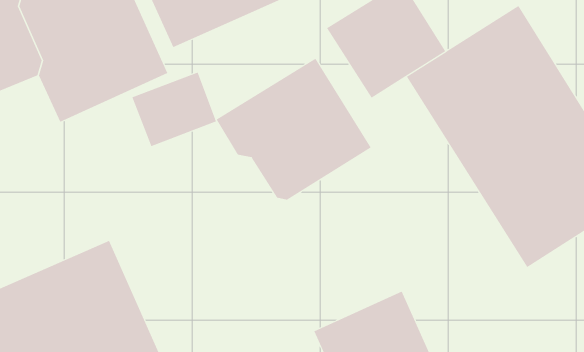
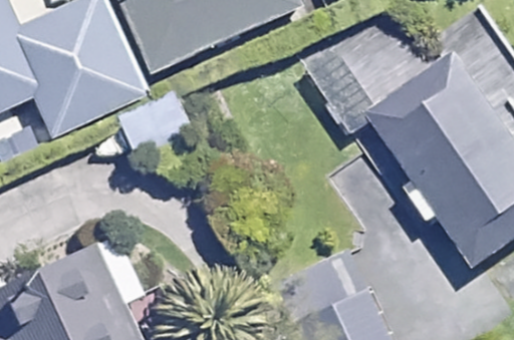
building: [216,58,371,200] -> none

